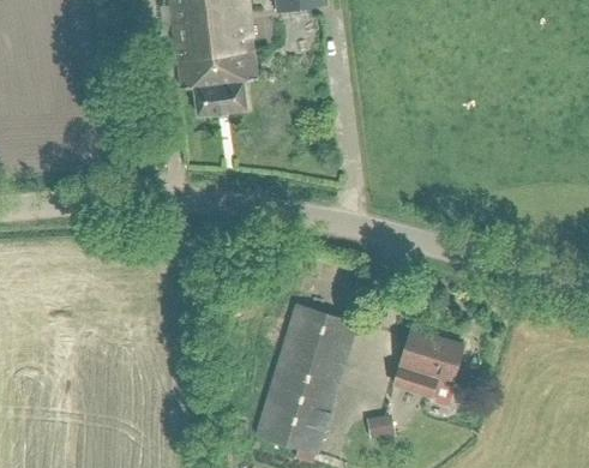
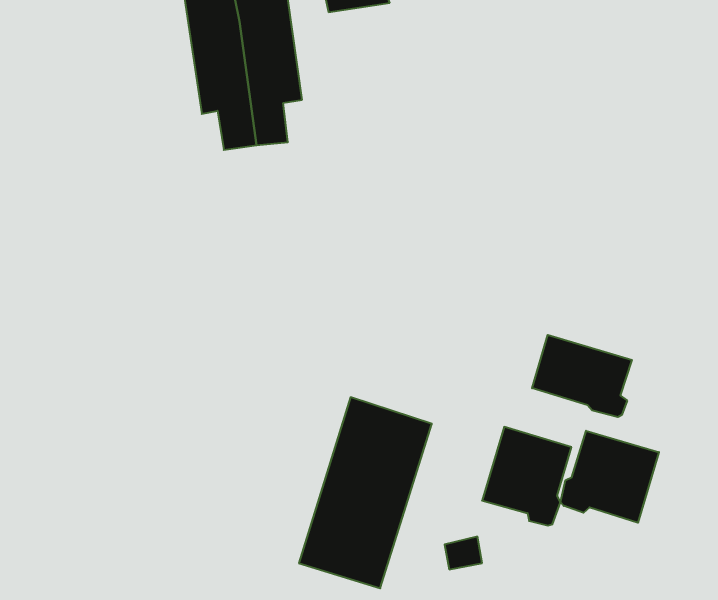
building: none -> [532,335,632,417]
building: none -> [560,431,659,523]

